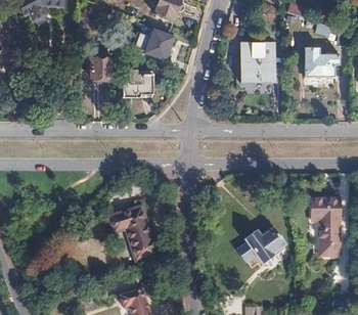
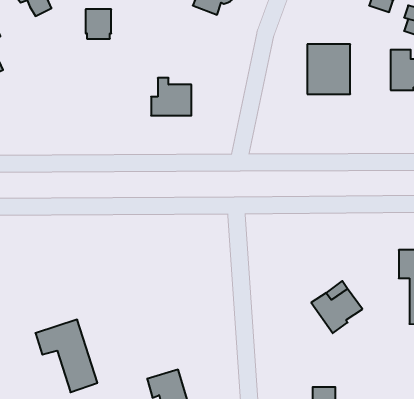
building: [145,29,172,57] -> none
building: [91,58,110,81] -> [86,9,111,39]
building: [110,209,158,264] -> [35,320,97,392]

